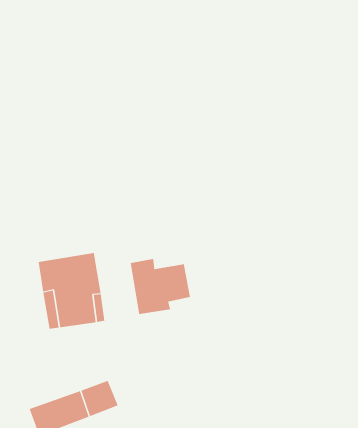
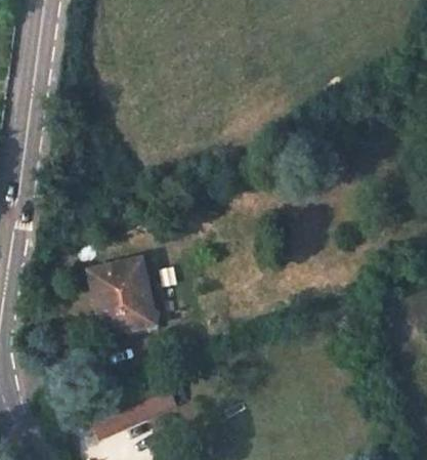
building: [130,258,190,315] -> none

